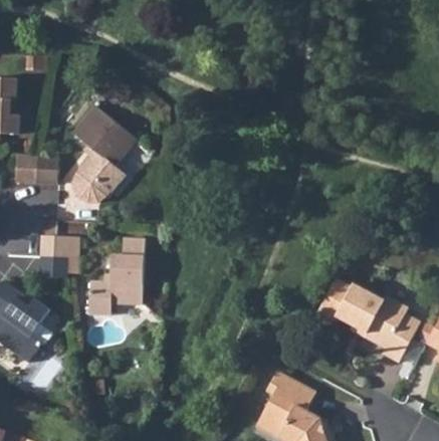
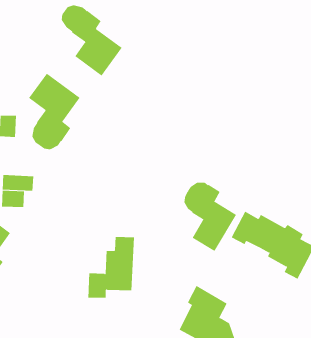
building: none -> [61,5,123,76]
building: [87,237,145,312] -> [88,236,135,298]
building: none -> [184,182,237,252]

